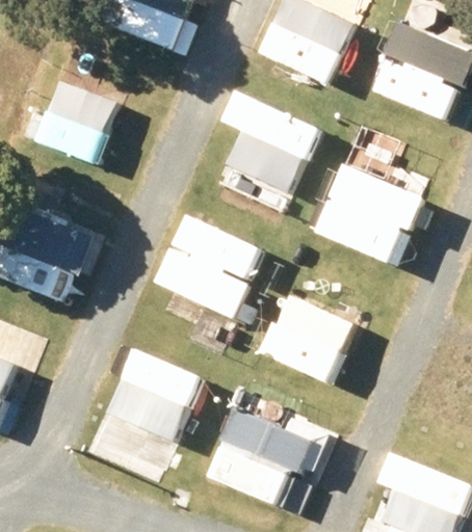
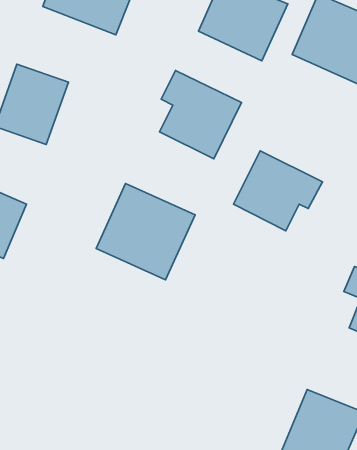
building: [258,288,358,391] -> none
building: [107,342,212,446] -> none
building: [205,416,313,521] -> none

